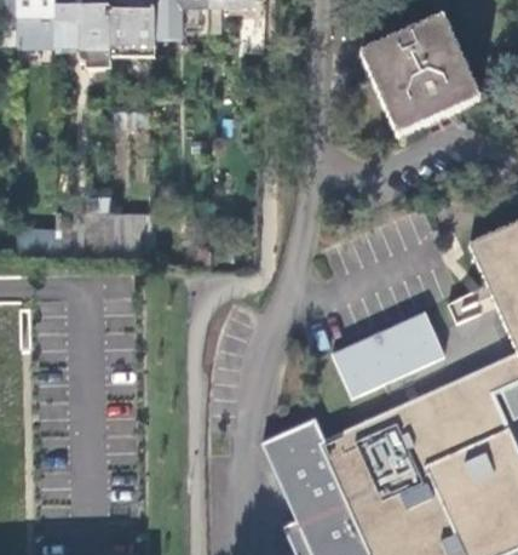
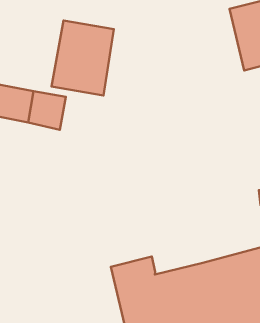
building: none -> [52,20,114,96]
building: [329,309,445,395] -> none

